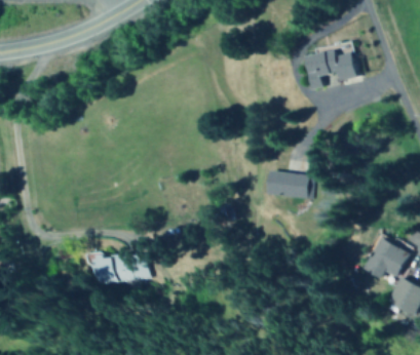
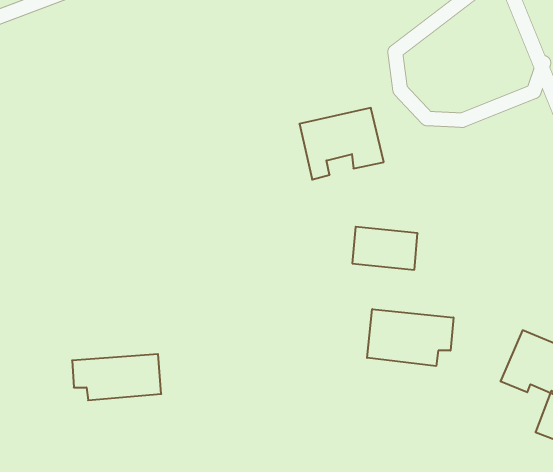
building: [305,43,359,89] -> [299,108,384,180]
building: none -> [367,309,453,366]

